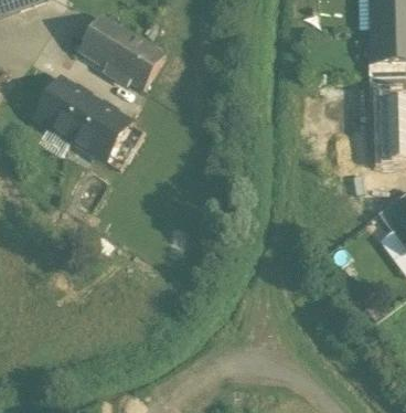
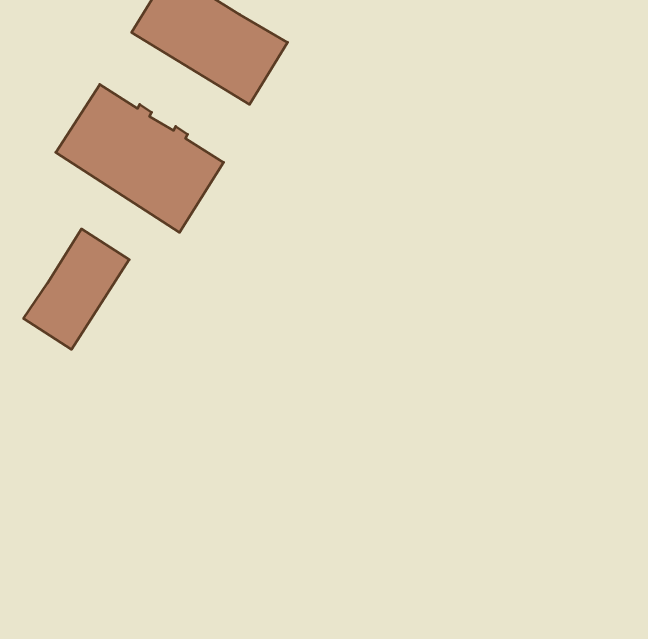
building: none -> [24,229,129,349]

